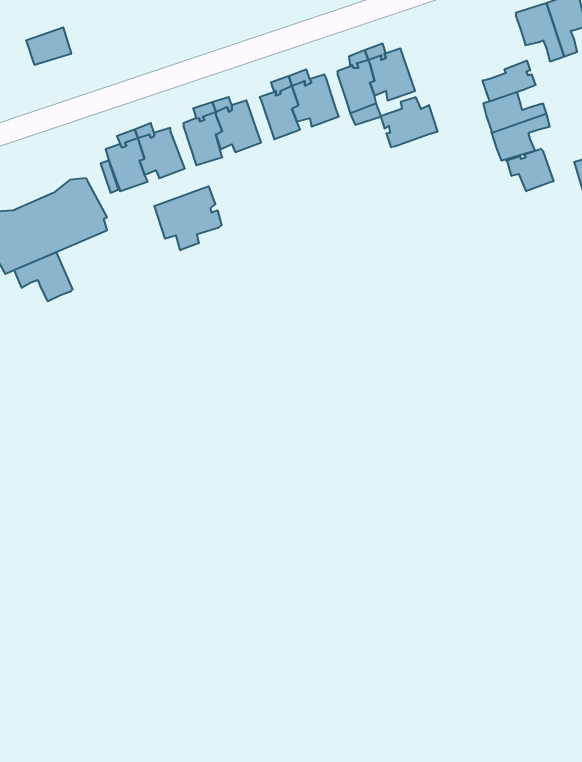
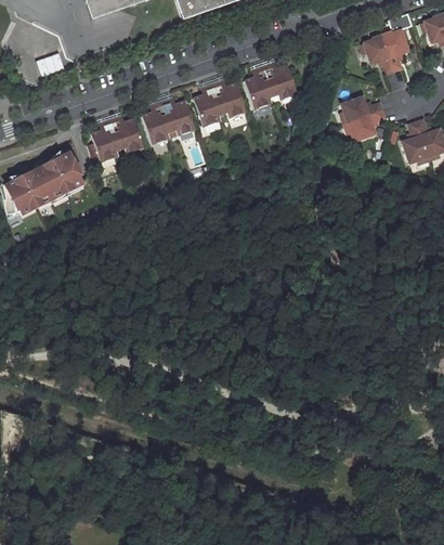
building: [483,61,536,101] -> none
building: [381,97,438,147] -> none
building: [506,149,554,191] -> none
building: [154,186,222,250] -> none
building: [14,252,73,301] -> none

